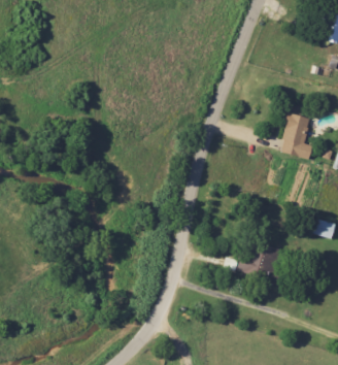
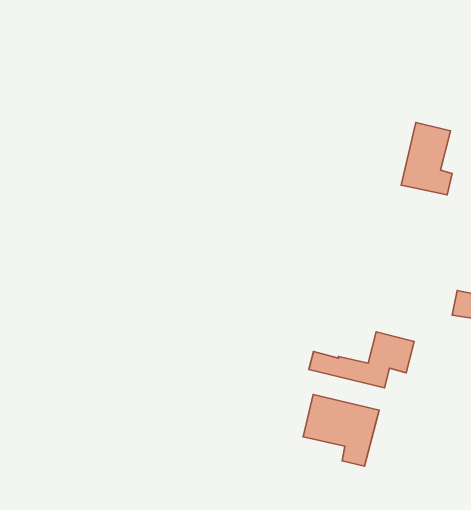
building: none -> [303,394,379,466]

